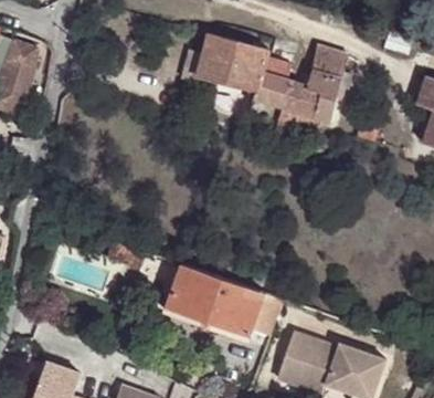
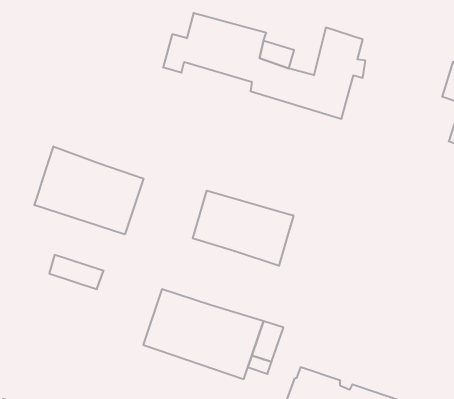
building: none -> [34,146,143,234]
building: none -> [193,191,293,266]

